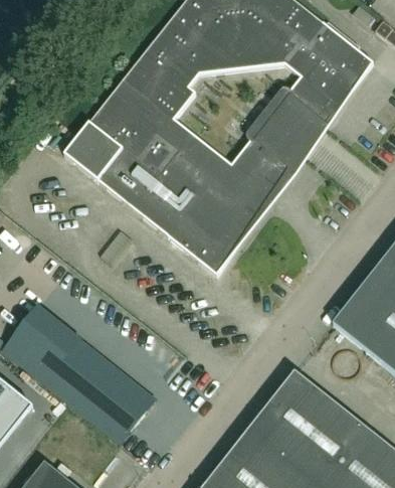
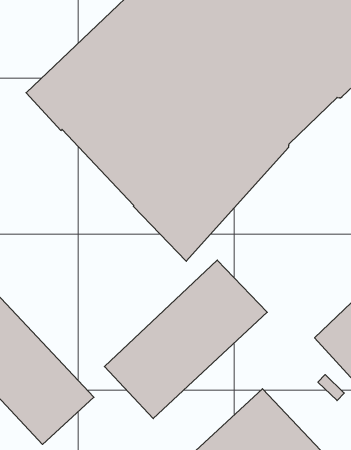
building: none -> [104,260,267,419]

